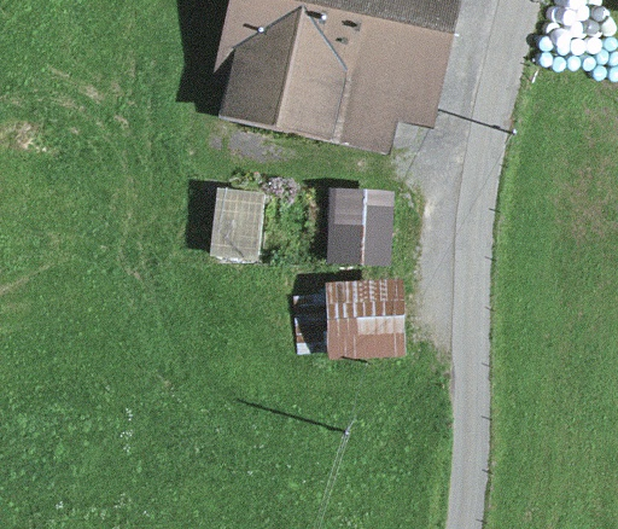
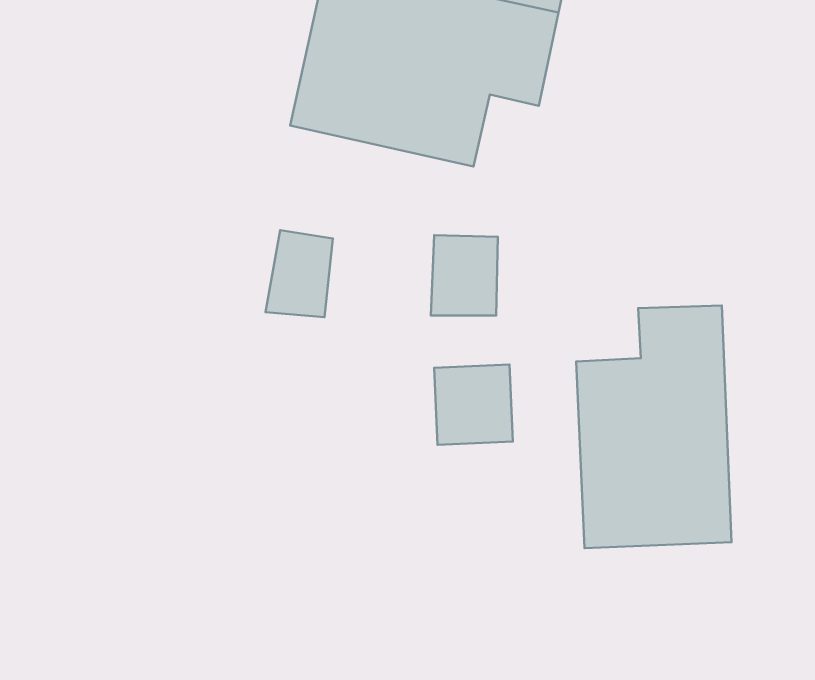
building: none -> [576,305,732,548]

